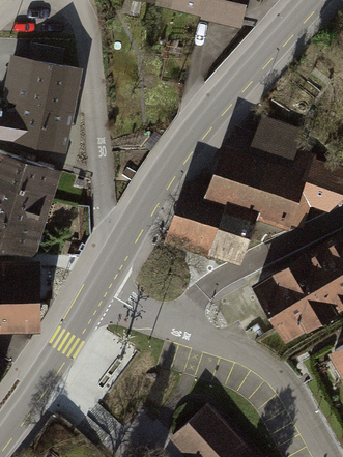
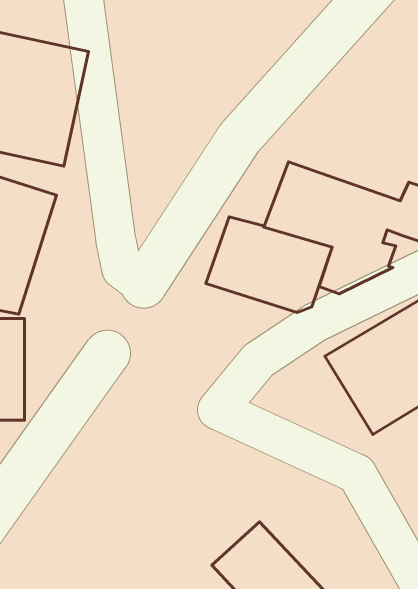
building: [245,117,315,176] -> none

